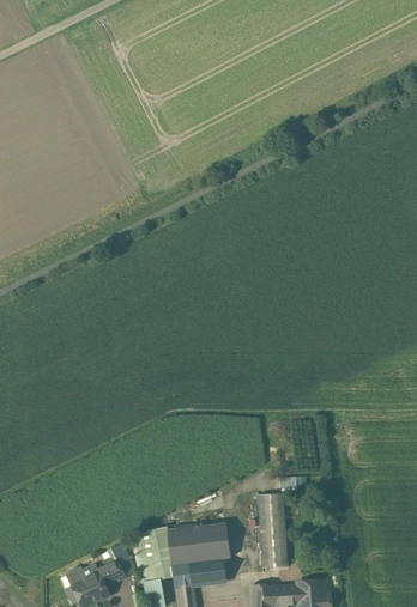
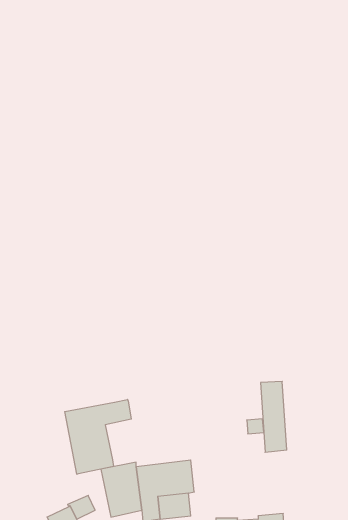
building: none -> [65,399,131,474]
building: [259,493,286,567] -> [261,381,287,452]

